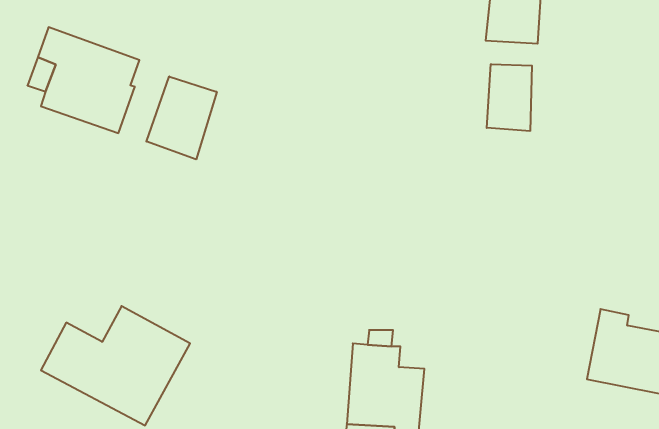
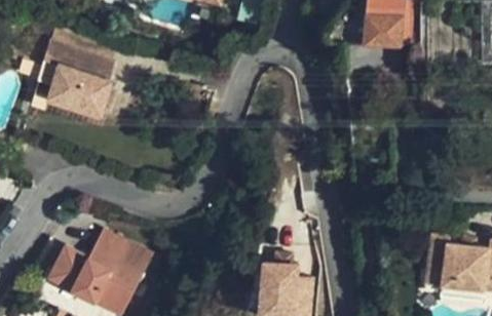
building: [487,64,532,131] -> none
building: [146,76,217,159] -> none

